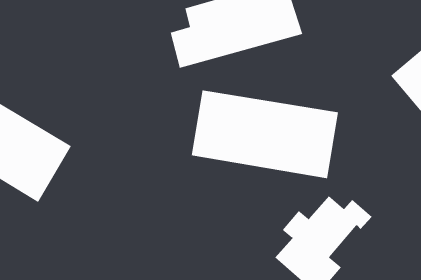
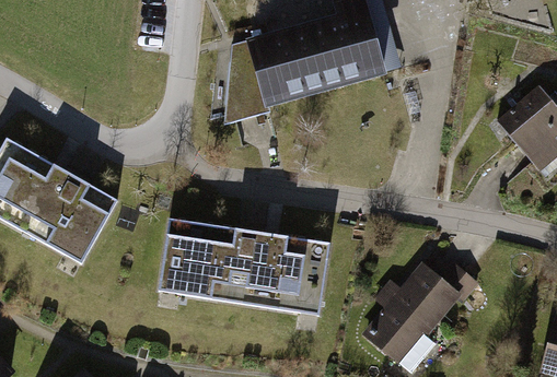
building: [191,90,339,179] -> [156,215,332,320]

